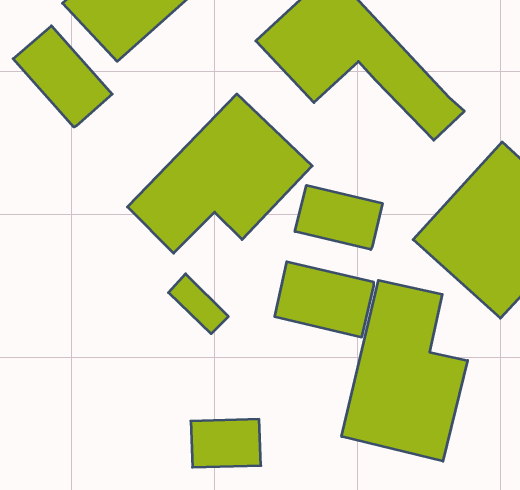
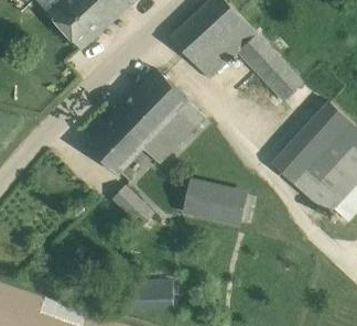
building: [13,26,112,127] -> none
building: [295,185,382,250] -> none
building: [342,280,468,461] -> none

